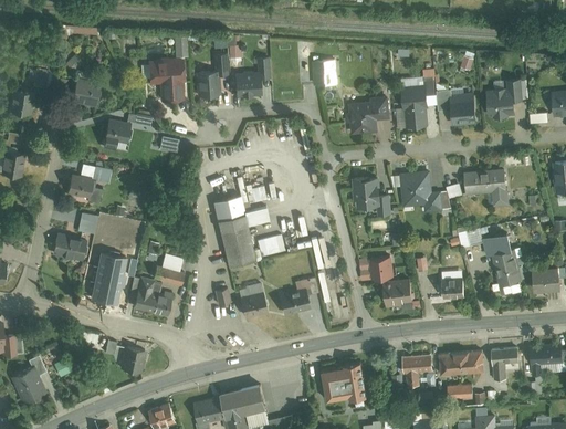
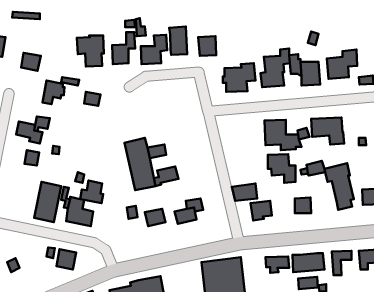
building: none -> [169,27,187,55]
building: [352,178,389,217] -> [268,154,296,183]
building: [52,232,86,260] -> none

